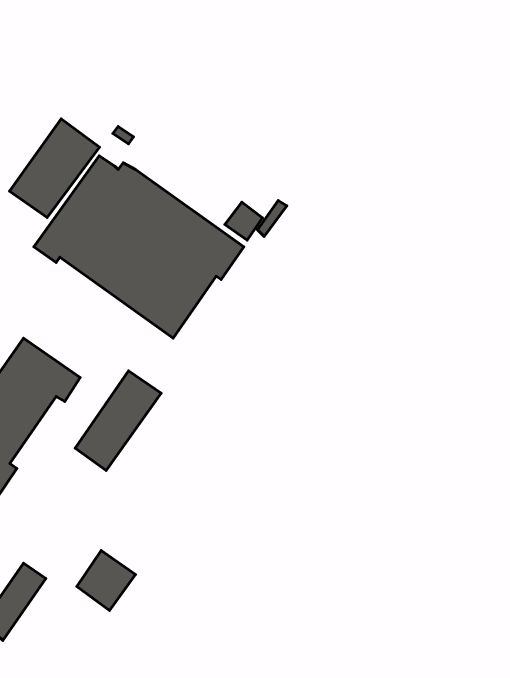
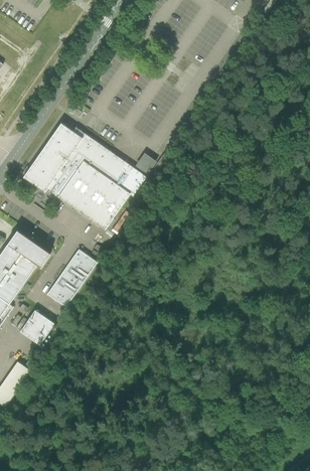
building: [10,119,99,217] -> none
building: [77,550,135,611] -> [19,309,53,344]

